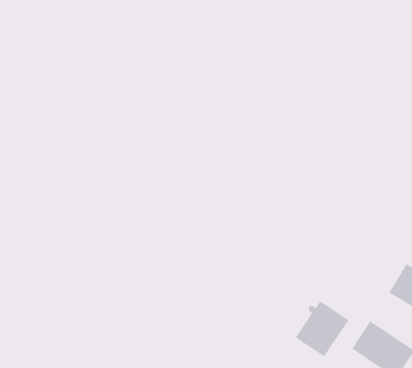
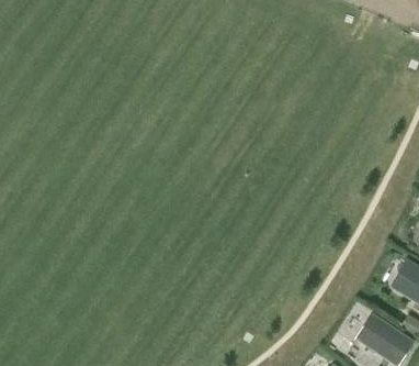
building: [295,300,349,357] -> none

